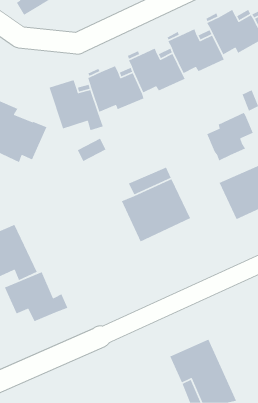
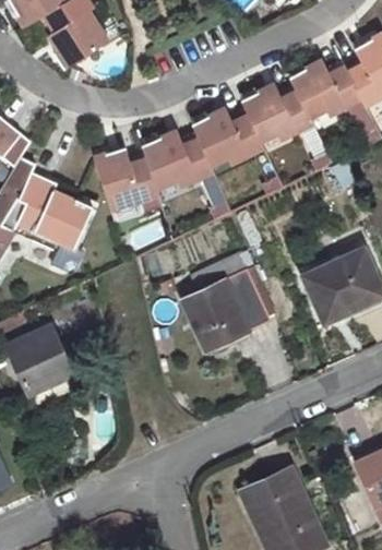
building: [206,112,254,161] -> none
building: [4,271,69,322] -> none

